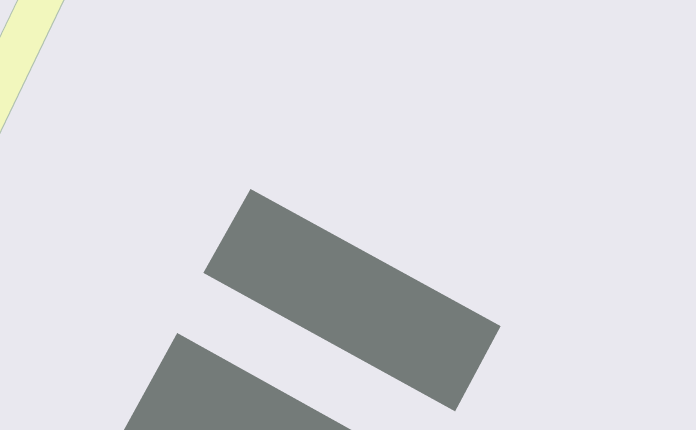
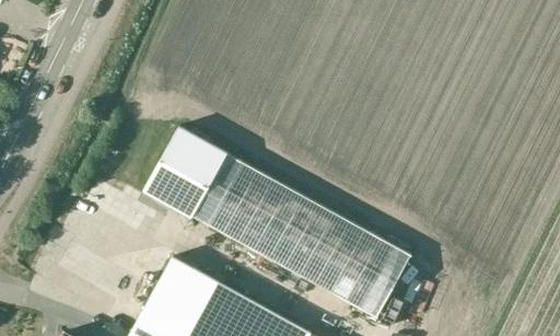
building: none -> [143,127,225,216]

